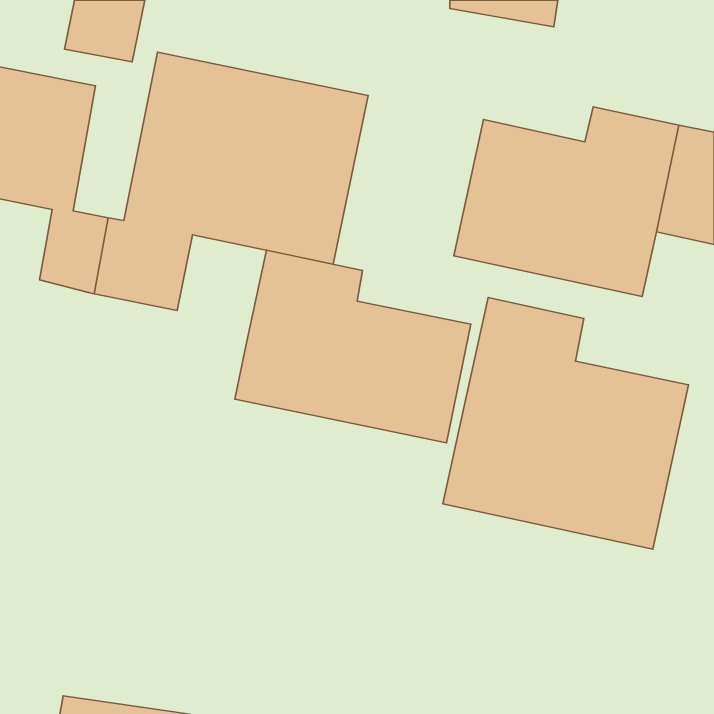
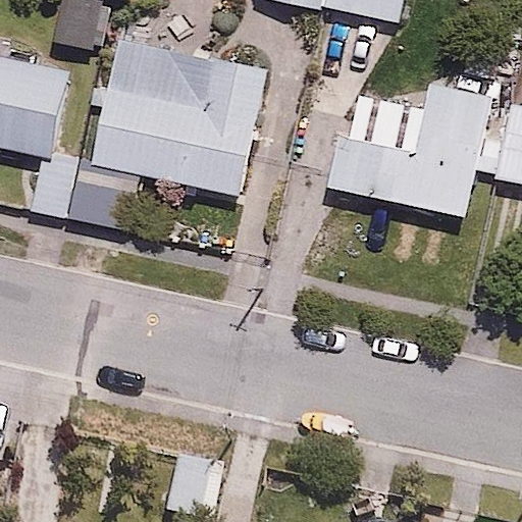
building: [235,250,471,443] -> none
building: [443,297,689,549] -> none

